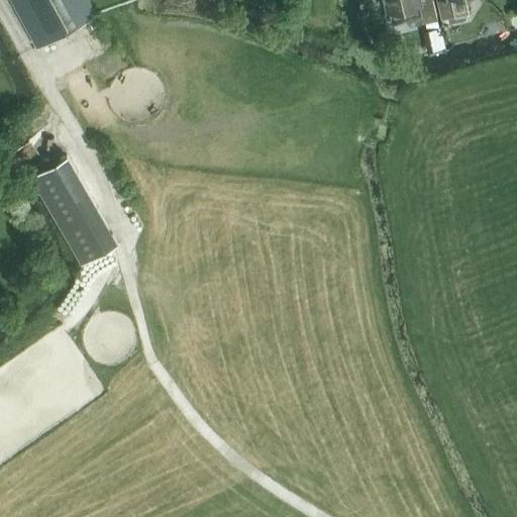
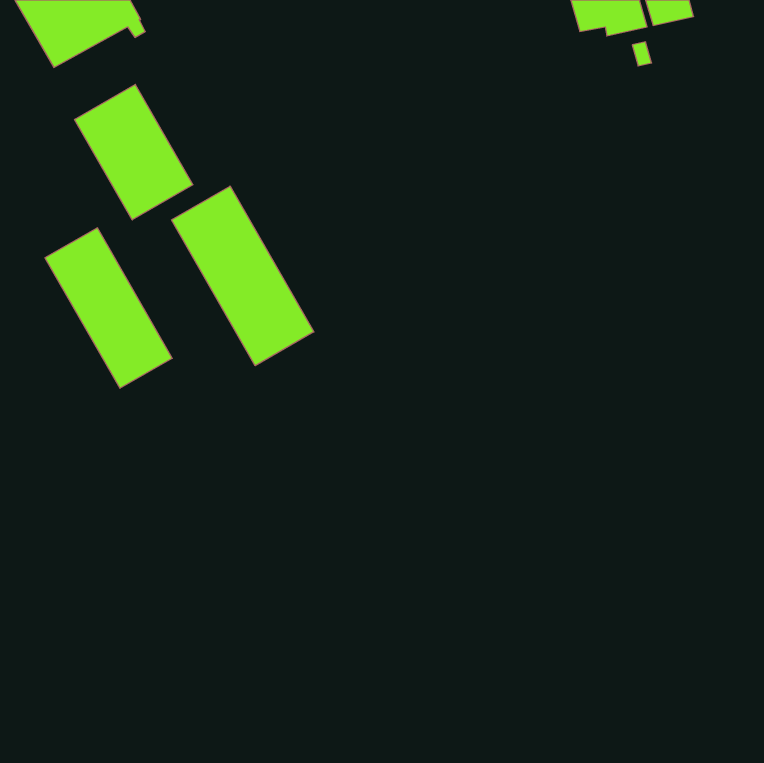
building: none -> [75,84,193,220]
building: none -> [172,186,314,366]

